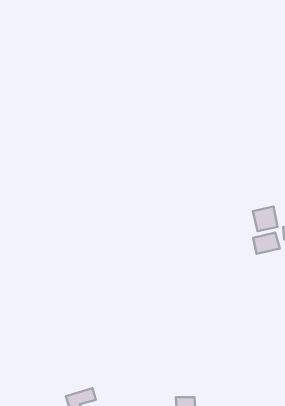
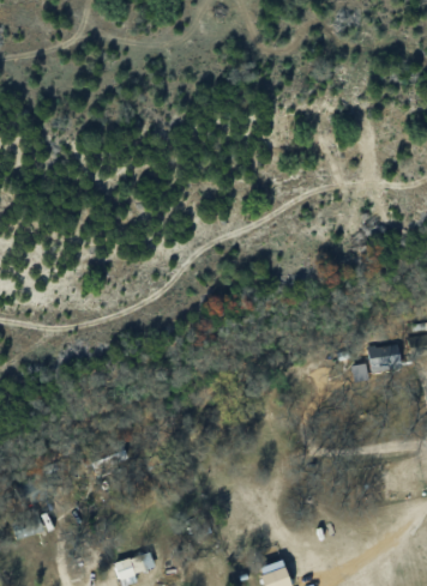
building: [253,207,278,231] -> none

